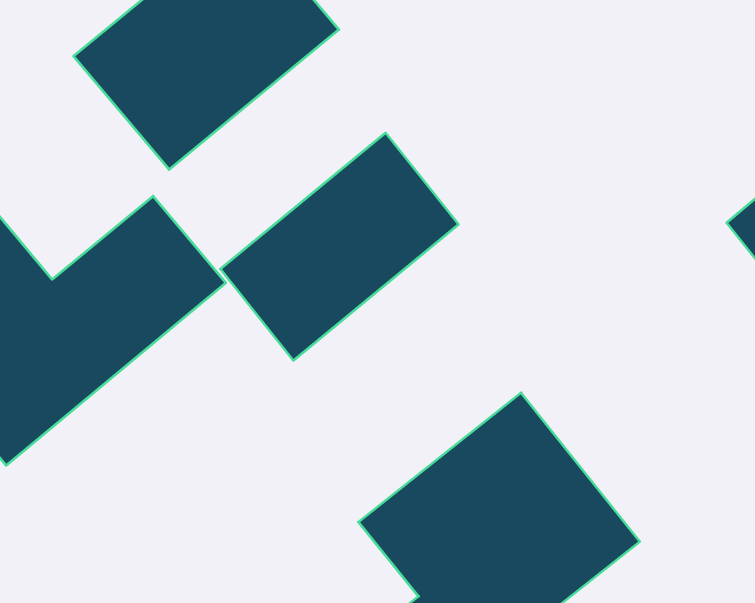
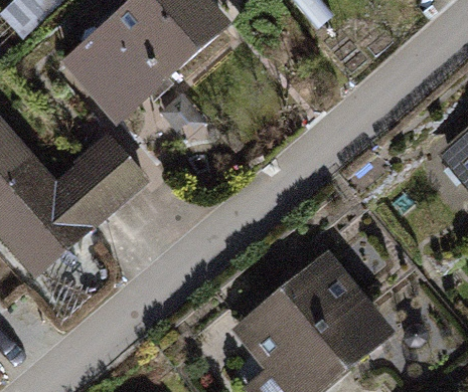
building: [220,133,458,360] -> none

